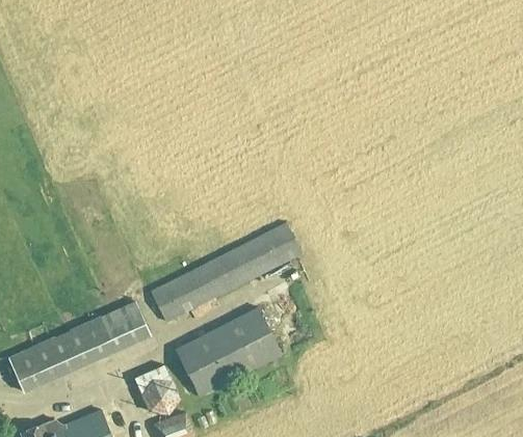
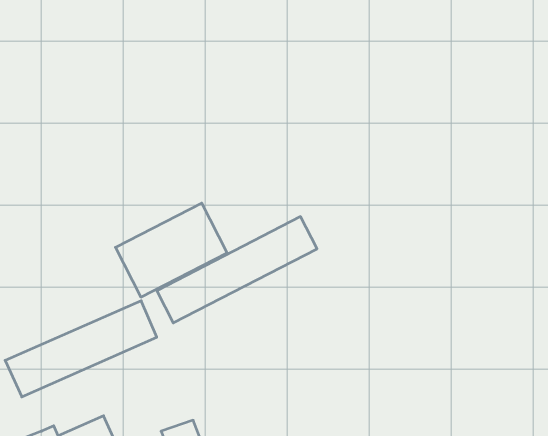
building: [175,308,280,397] -> [115,203,227,297]
building: [133,364,179,415] -> none

